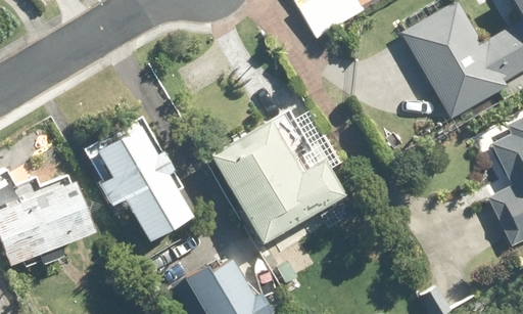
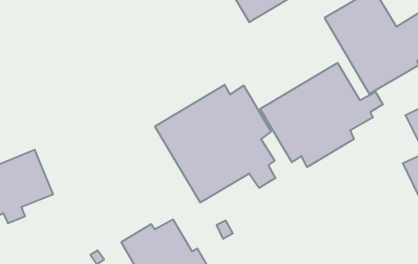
building: none -> [260,63,383,167]
building: [97,126,192,240] -> none

